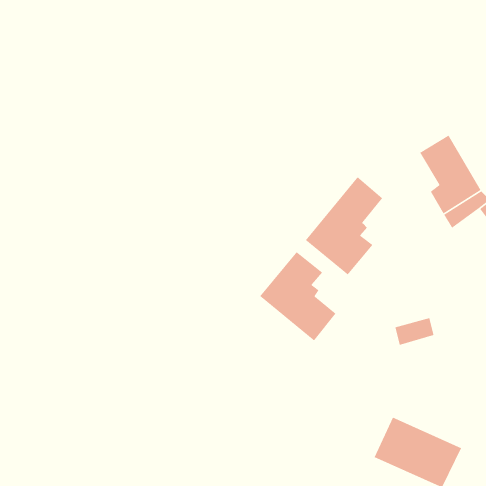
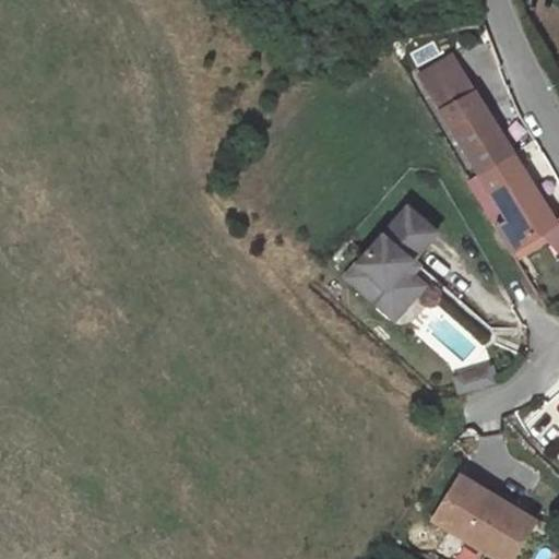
building: none -> [382,32,515,176]
building: [259,251,336,341] -> none

